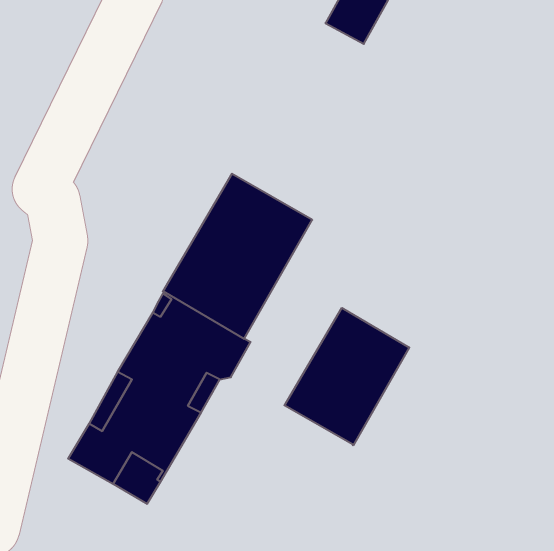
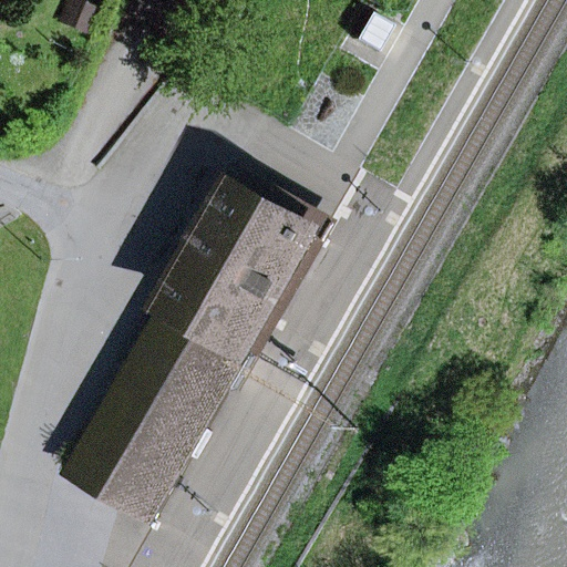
building: [284,308,409,445] -> none

